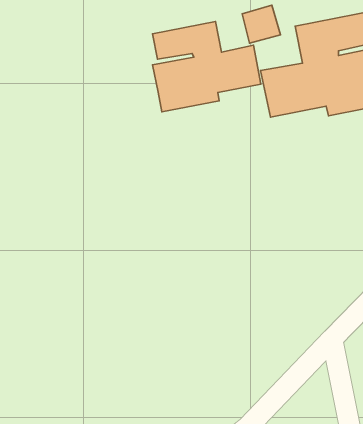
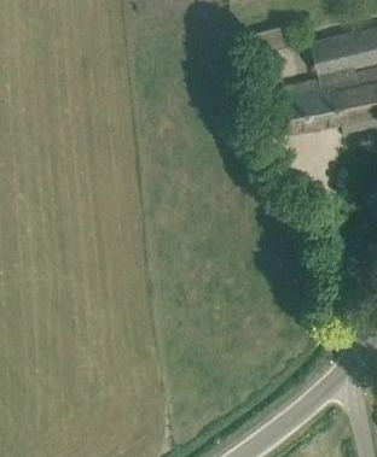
building: [153,21,261,112] -> none

